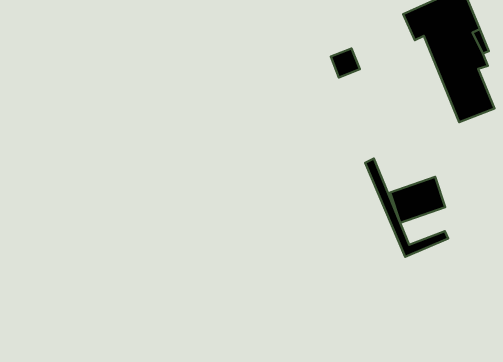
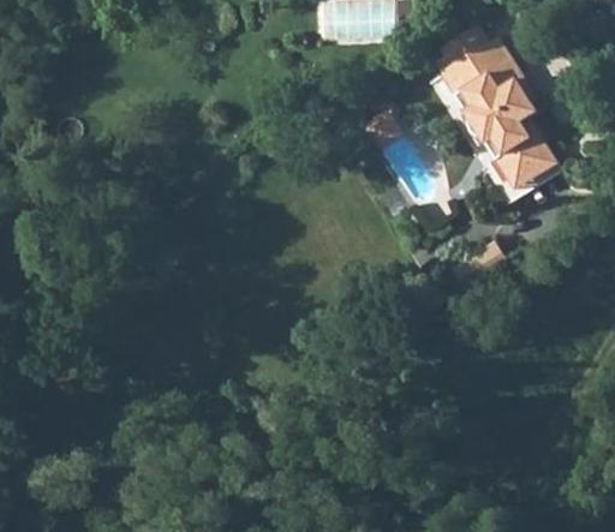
building: [365,159,448,257] -> [455,95,555,192]

